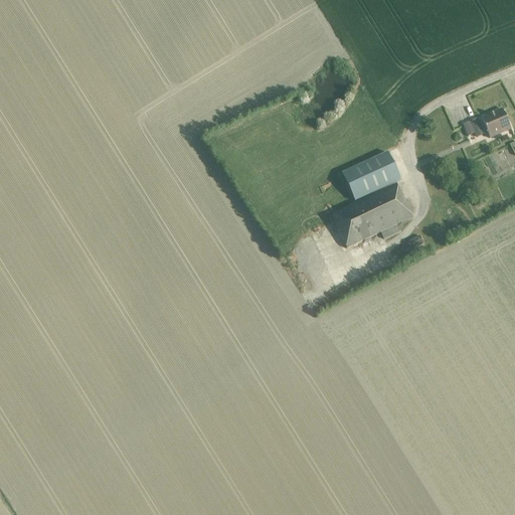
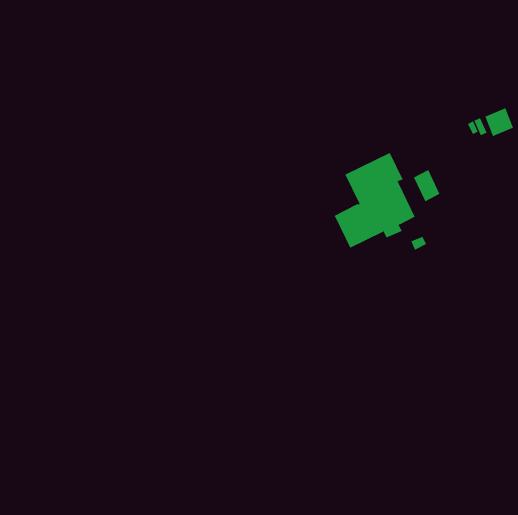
building: none -> [413,169,440,202]

